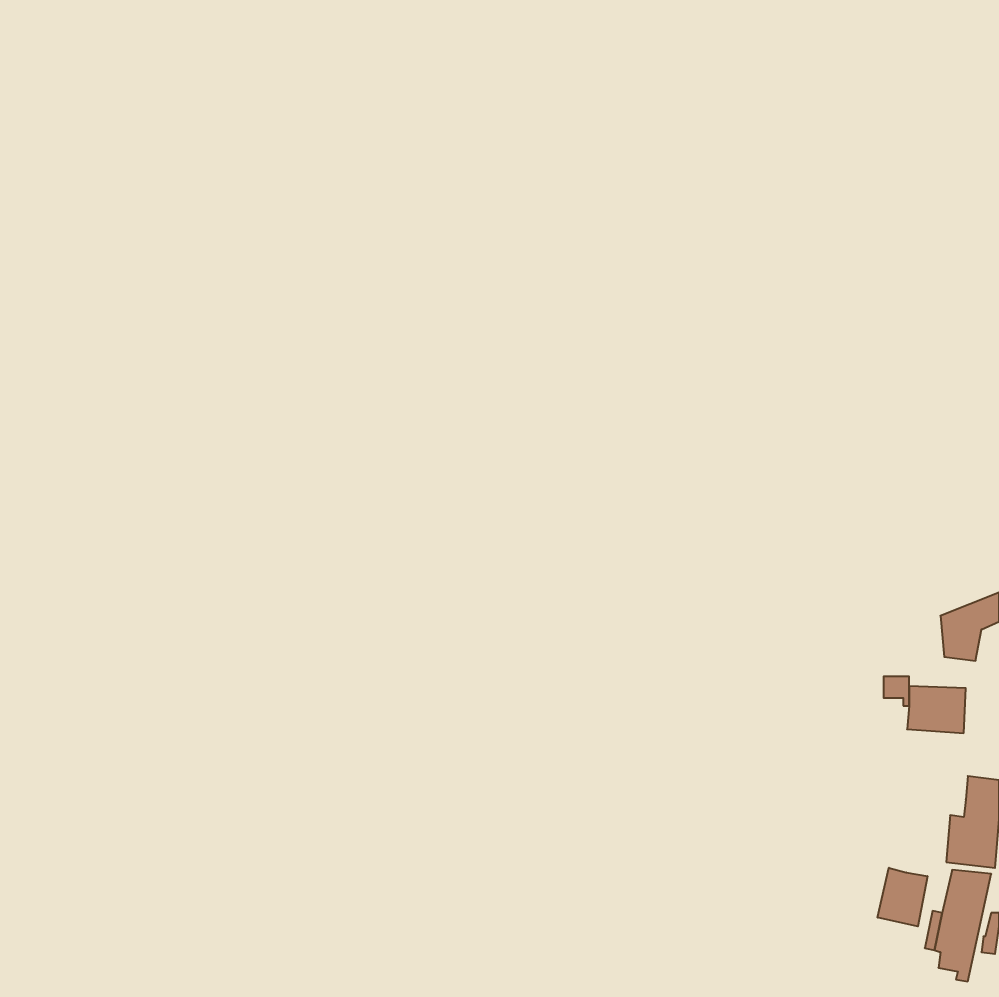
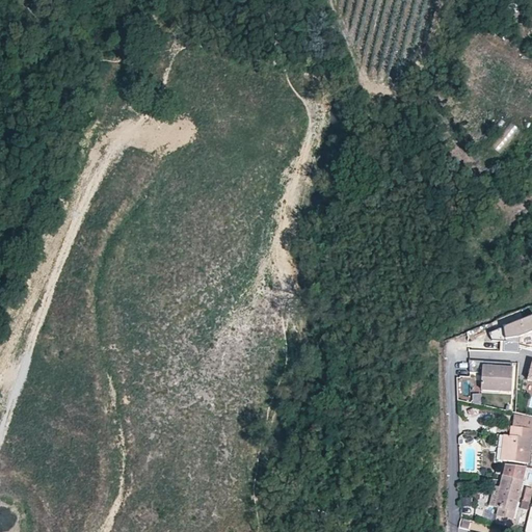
building: [878,868,927,926] -> none

